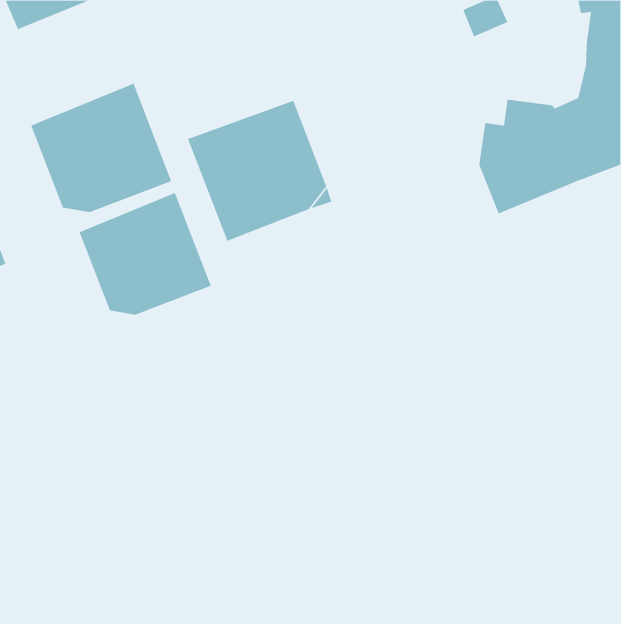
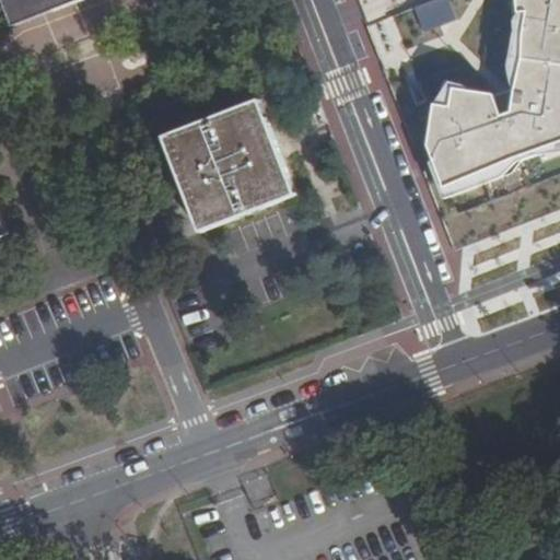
building: [31,83,172,213] -> none
building: [79,192,211,315] -> none

